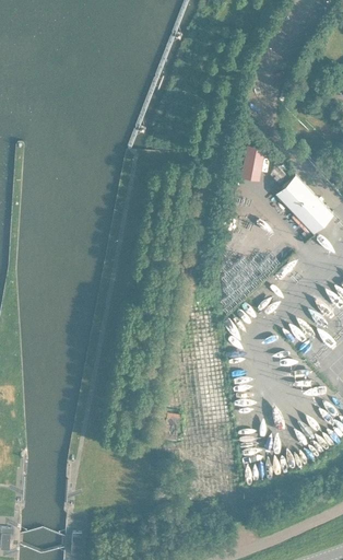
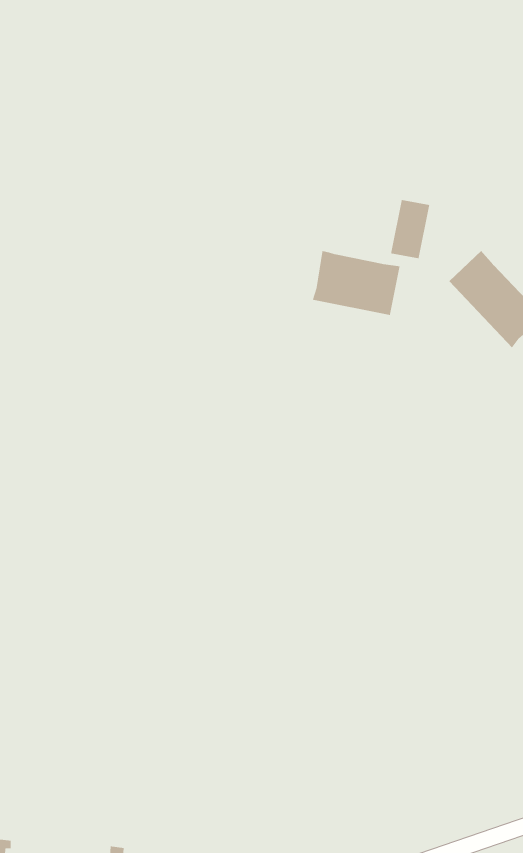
building: none -> [312,250,400,316]

